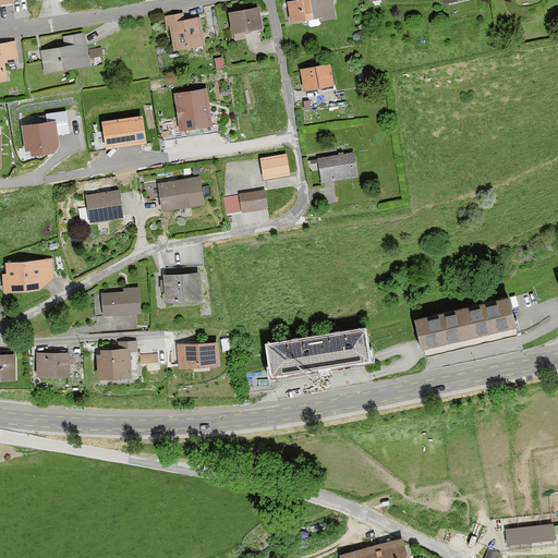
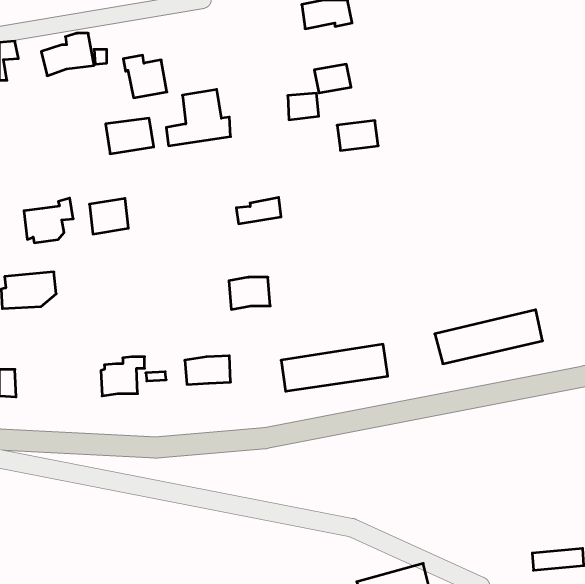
building: [227,12,262,41] -> none
building: [163,16,205,57] -> [123,55,167,98]
building: [21,112,68,155] -> [24,198,73,243]
building: [260,154,290,179] -> [288,93,319,120]
building: [317,155,356,183] -> [337,121,378,150]
building: [157,177,204,210] -> none
building: [162,270,202,301] -> [229,277,270,309]
building: [100,287,141,316] -> none
building: [35,352,70,377] -> none

